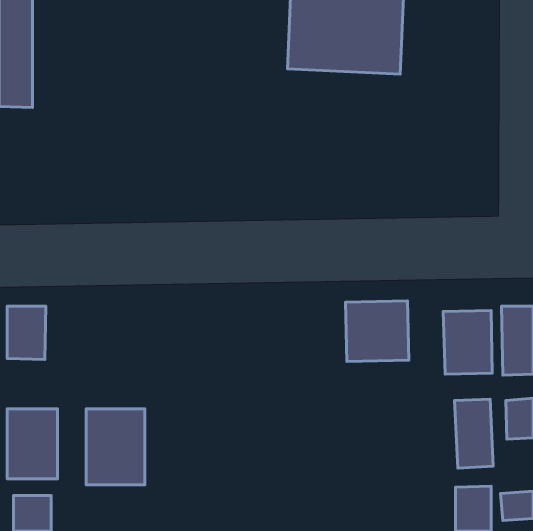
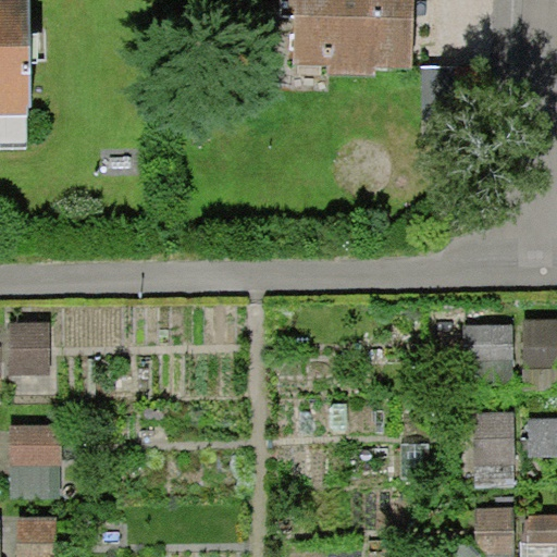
building: [345,301,409,362] -> none
building: [86,409,145,485] -> none

